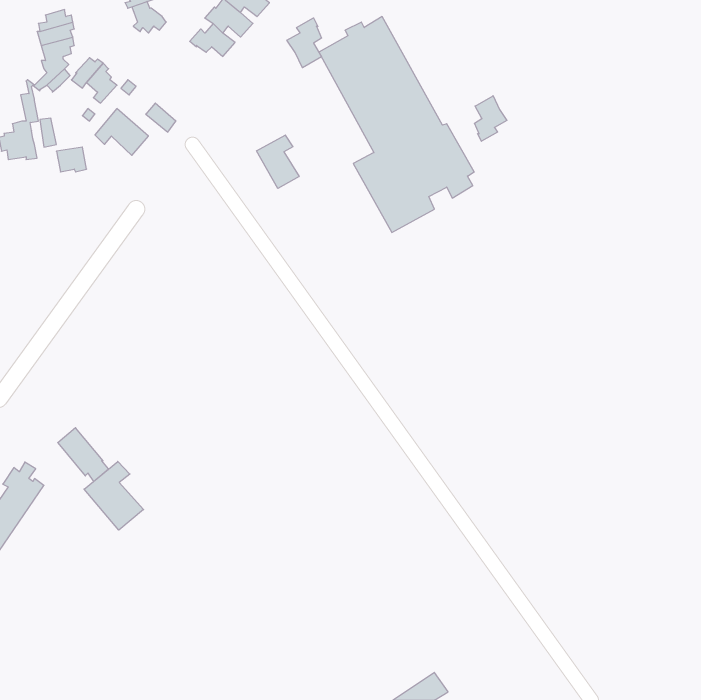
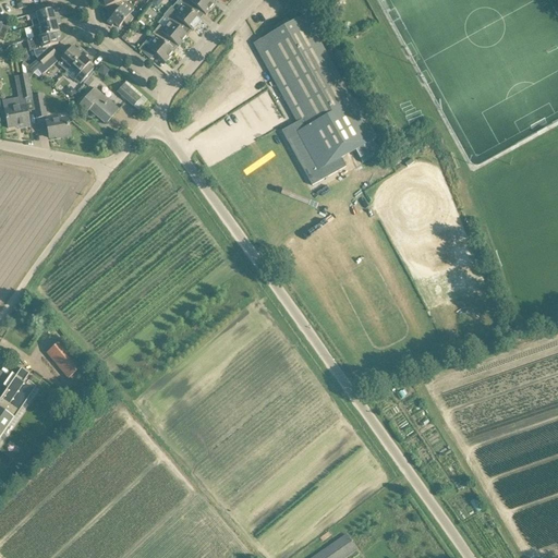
building: [287,18,321,68] -> none
building: none -> [137,36,173,61]
building: [475,96,507,141] -> none
building: [257,135,299,188] -> none
building: [84,461,144,530] -> none

